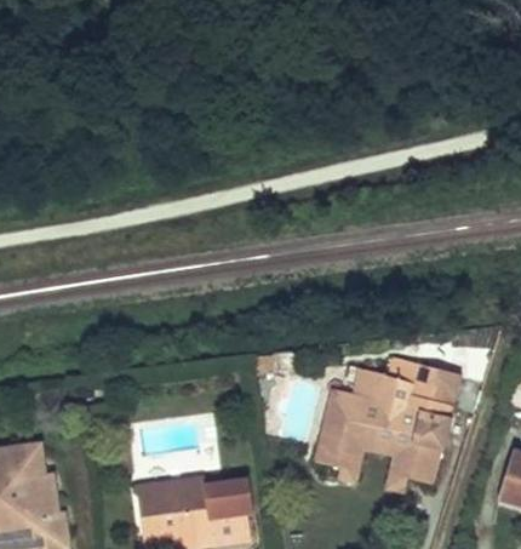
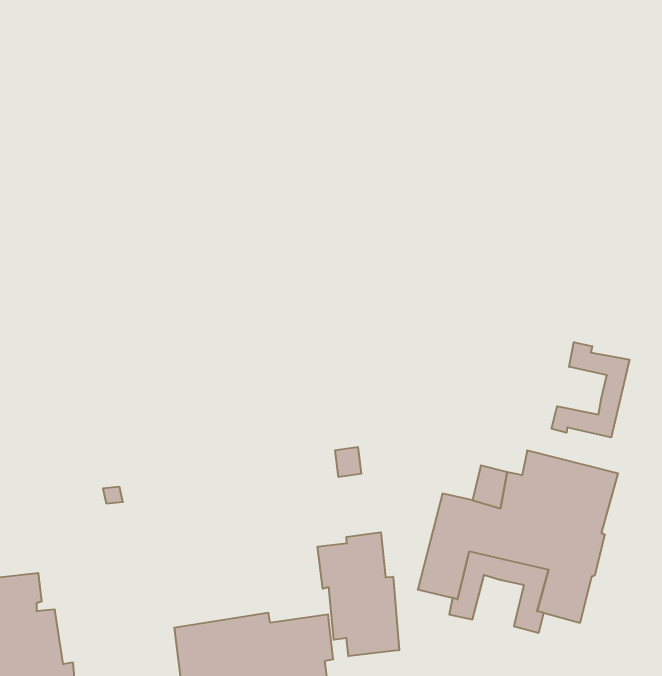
building: none -> [551,342,630,437]
building: none -> [318,532,399,656]

